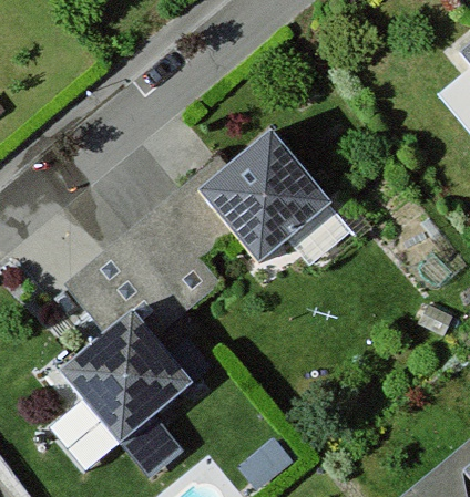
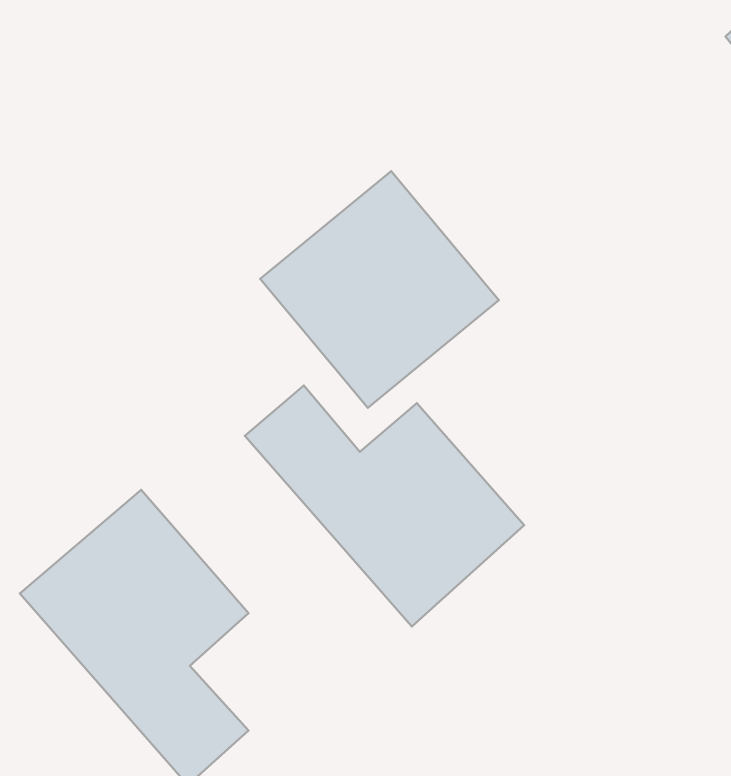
building: none -> [245,386,524,626]

